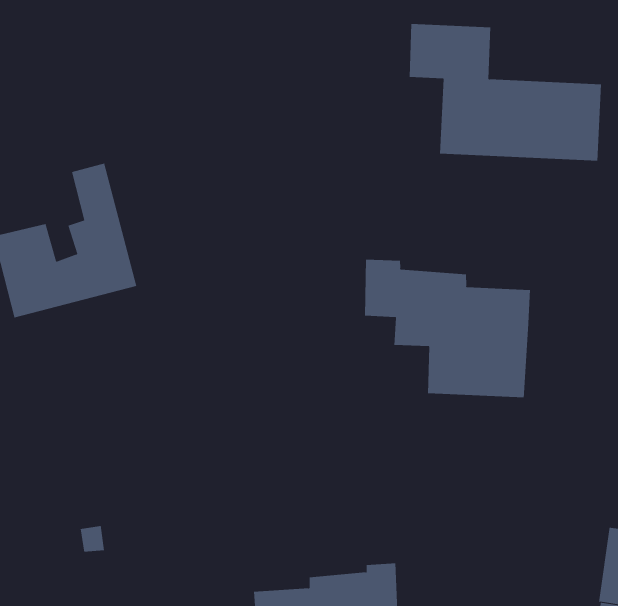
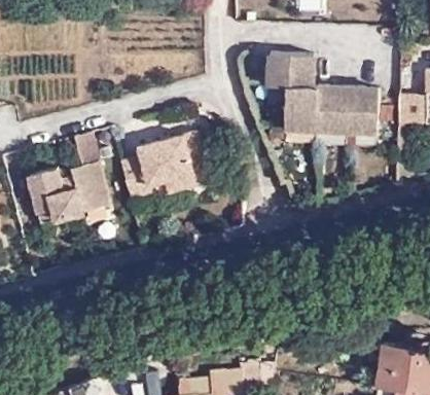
building: none -> [119,132,208,199]
building: [365,259,530,398] -> none

